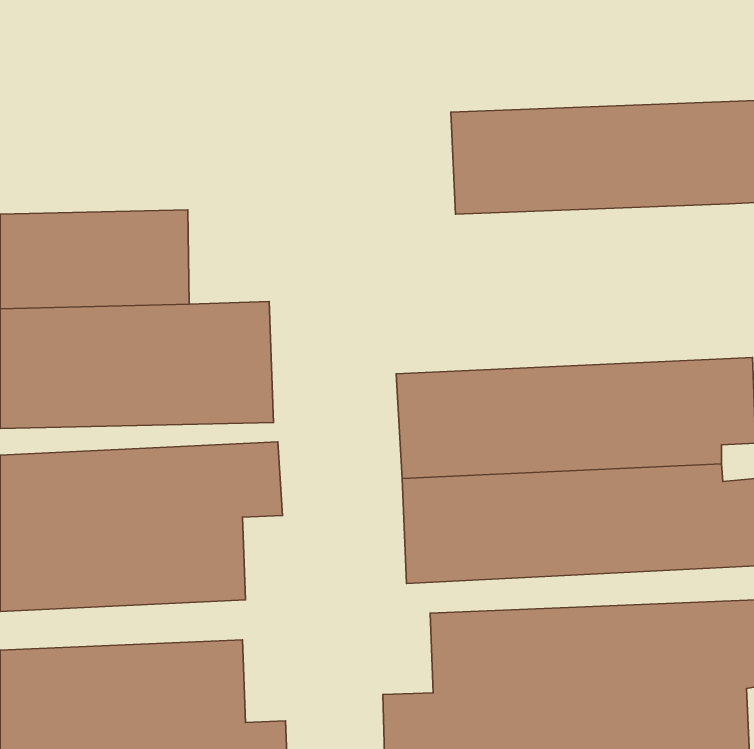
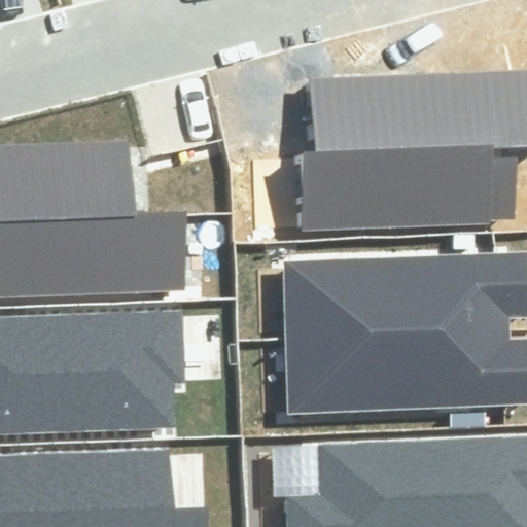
building: none -> [303,146,511,231]

